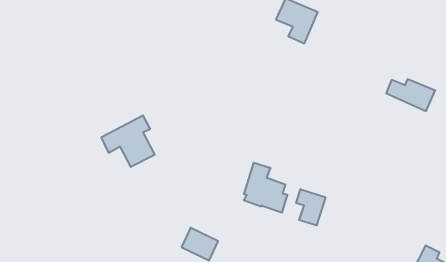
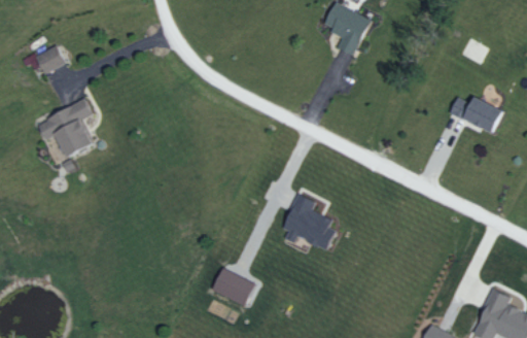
building: none -> [35,45,65,72]
building: [101,115,155,167] -> [36,98,98,158]
building: [296,189,325,225] -> none

